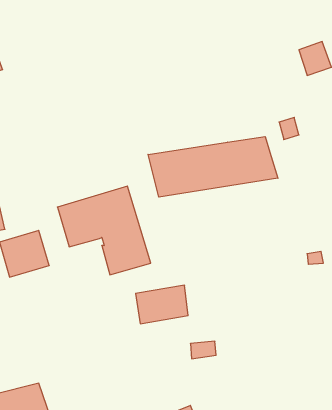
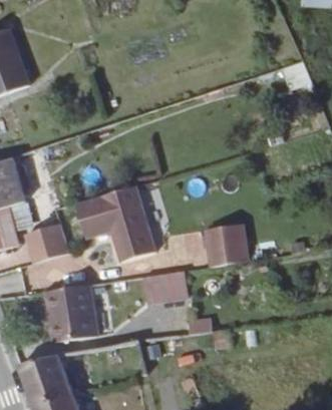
building: [148,137,278,197] -> none
building: none -> [205,225,248,268]
building: none -> [45,287,97,343]

